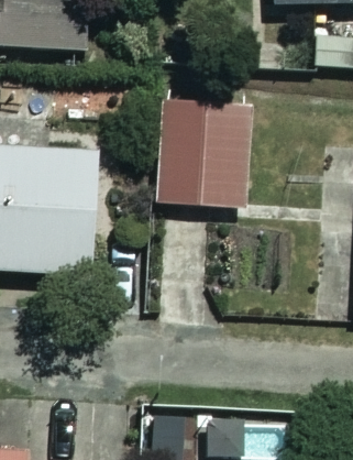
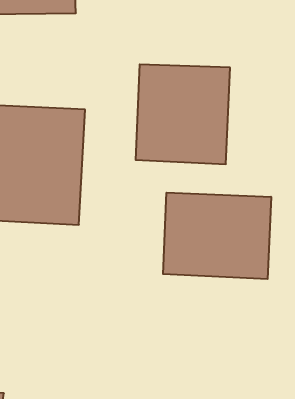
building: none -> [163,193,271,279]

